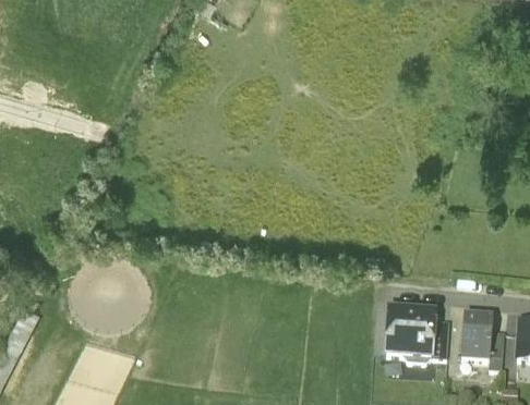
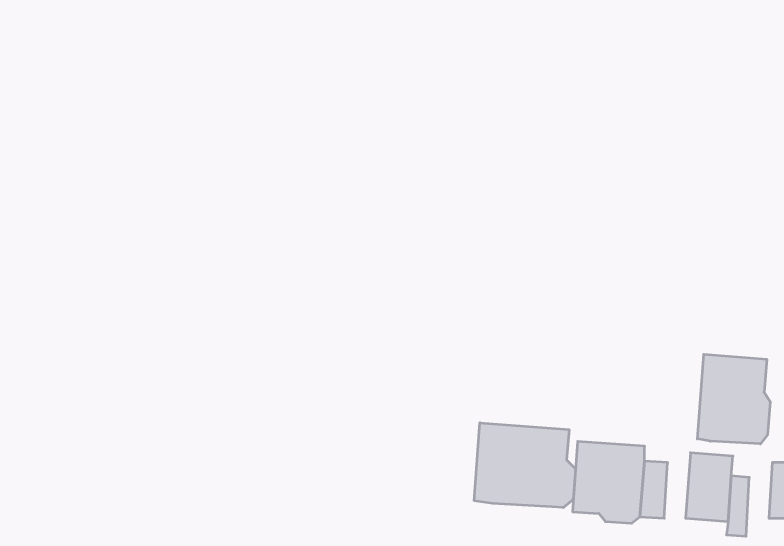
building: none -> [697,354,770,444]
building: none -> [474,423,576,508]

